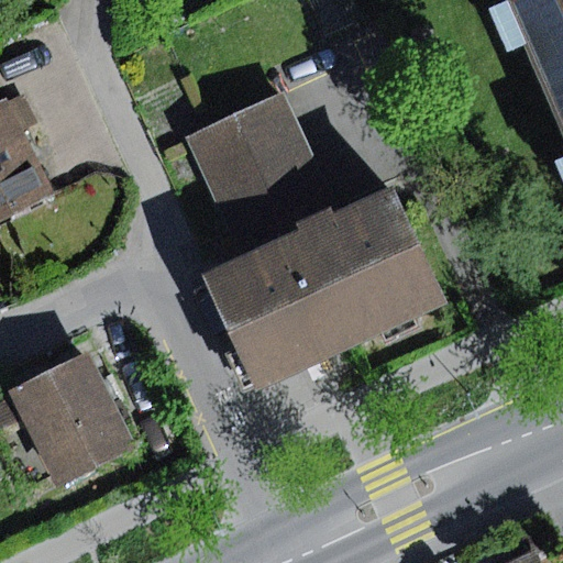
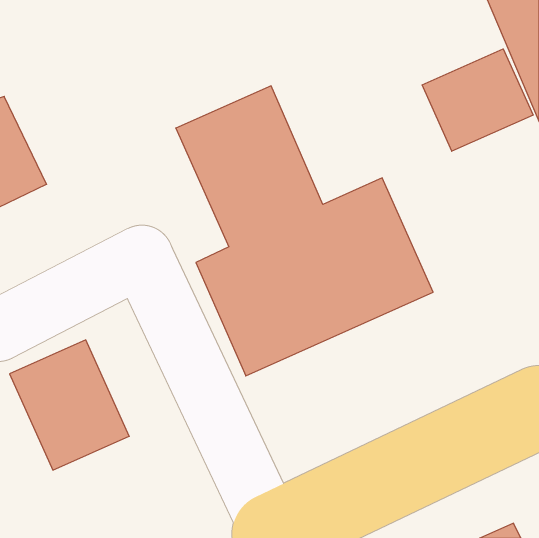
building: none -> [422,49,533,151]

